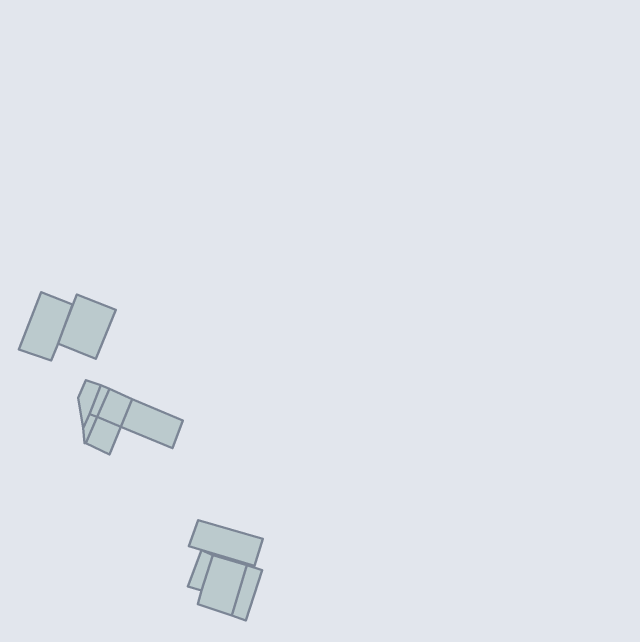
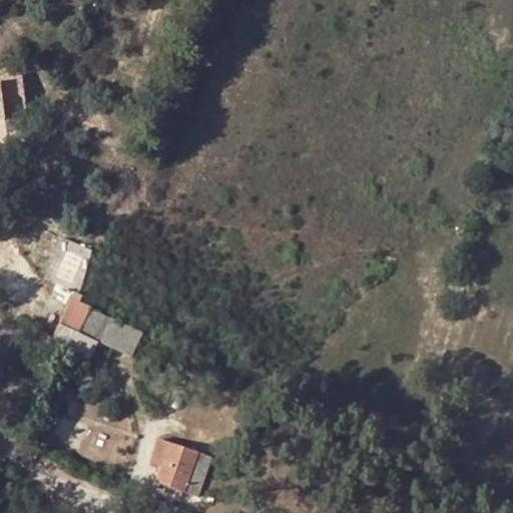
building: [19,292,72,361] -> none
building: [189,520,263,566] -> none

